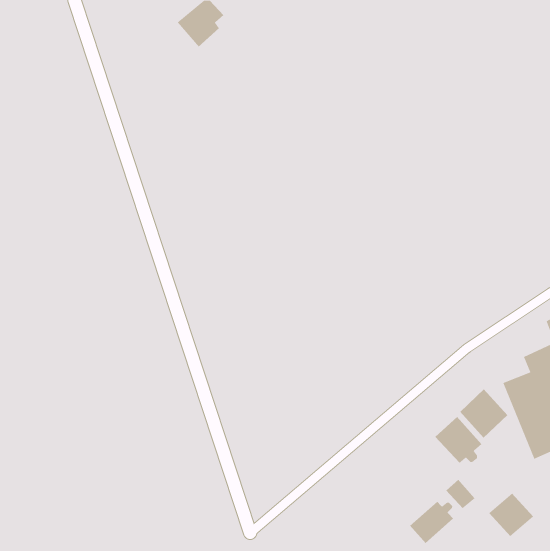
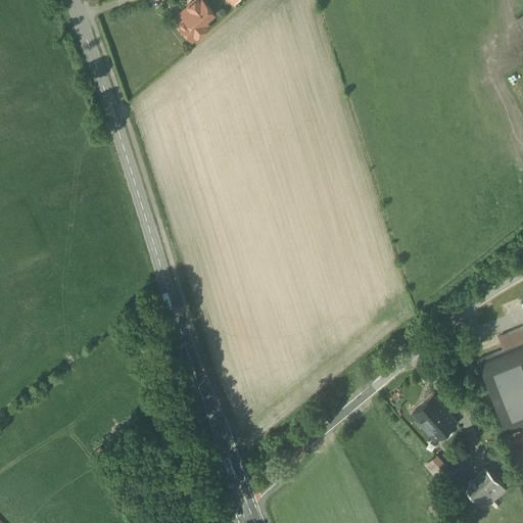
building: [460,389,508,438] -> none
building: [409,501,454,544] -> none

